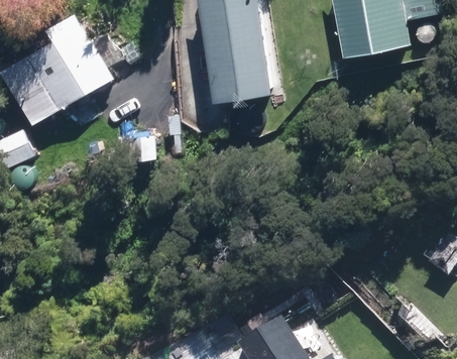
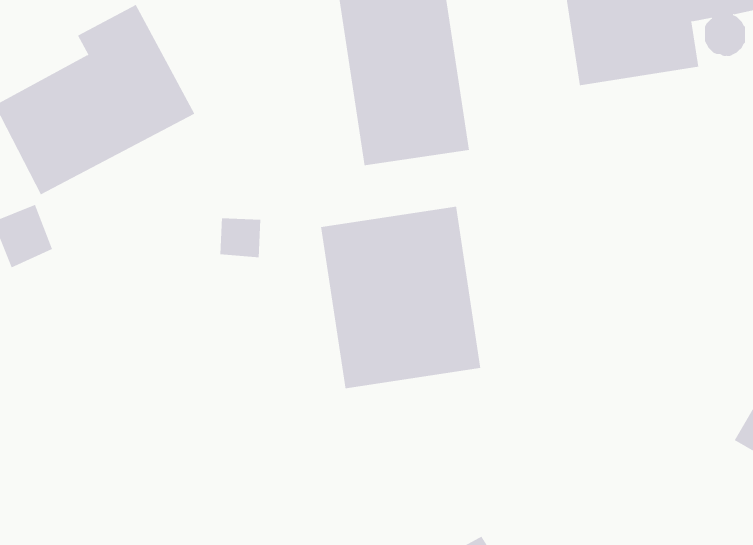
building: none -> [321,206,481,389]

